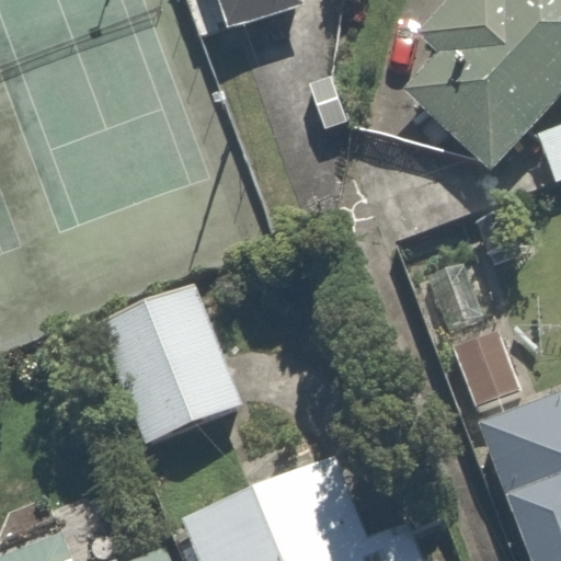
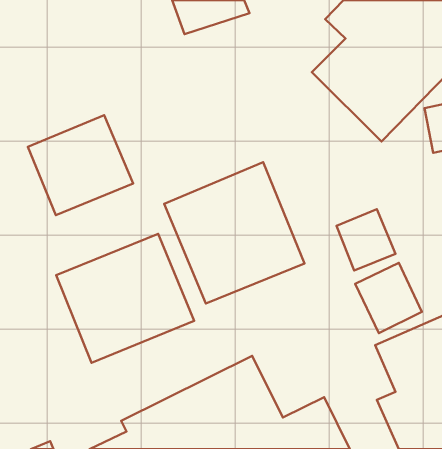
building: none -> [28,115,133,215]
building: none -> [164,162,305,304]

